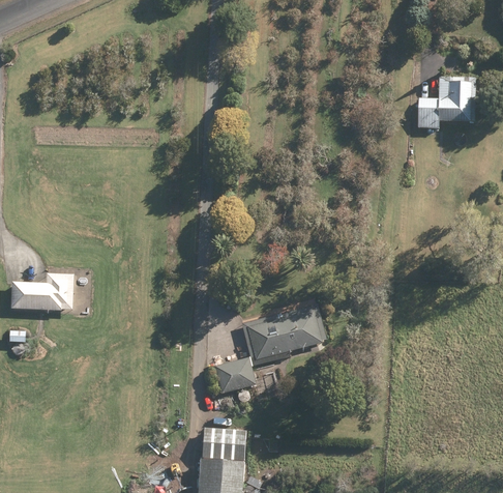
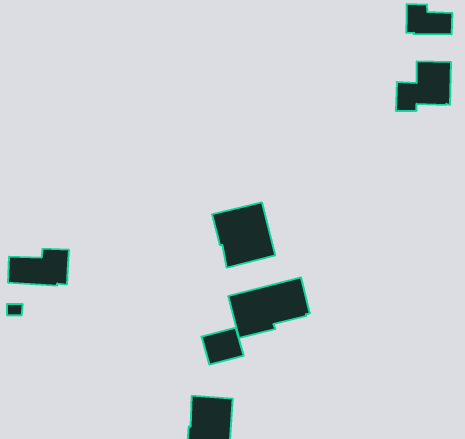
building: none -> [407,4,452,34]
building: none -> [212,202,275,268]

